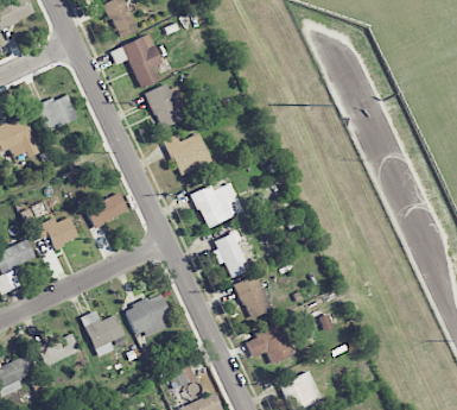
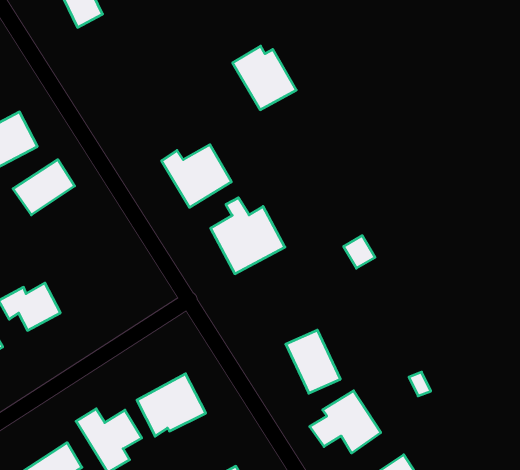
building: [110,33,161,88] -> none
building: [145,83,188,128] -> [233,46,296,110]
building: [84,191,128,228] -> [13,160,75,215]
building: [211,231,249,277] -> none

